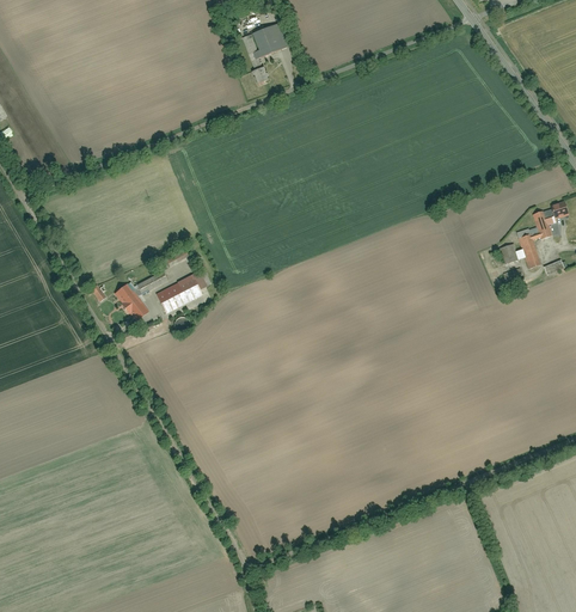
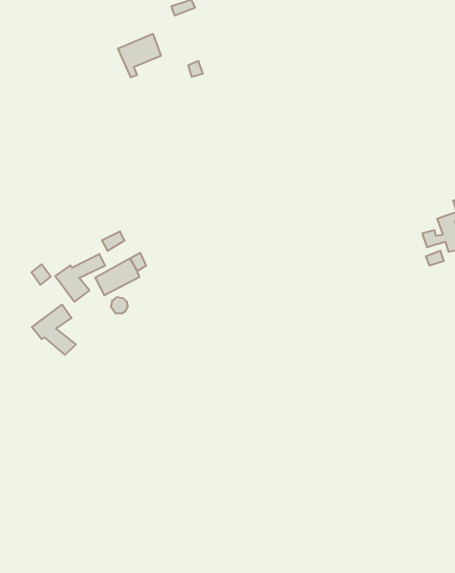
building: [243,23,288,68] -> [118,34,161,77]
building: none -> [32,305,76,355]

